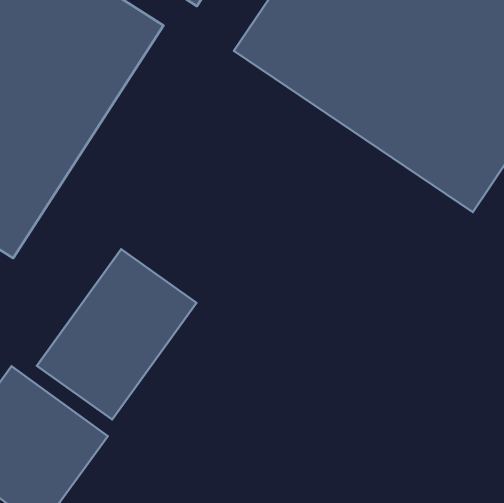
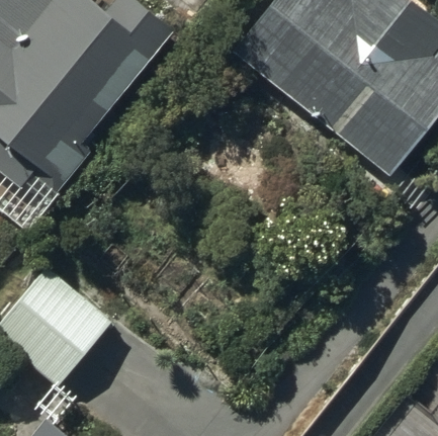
building: [37,249,197,420] -> none

